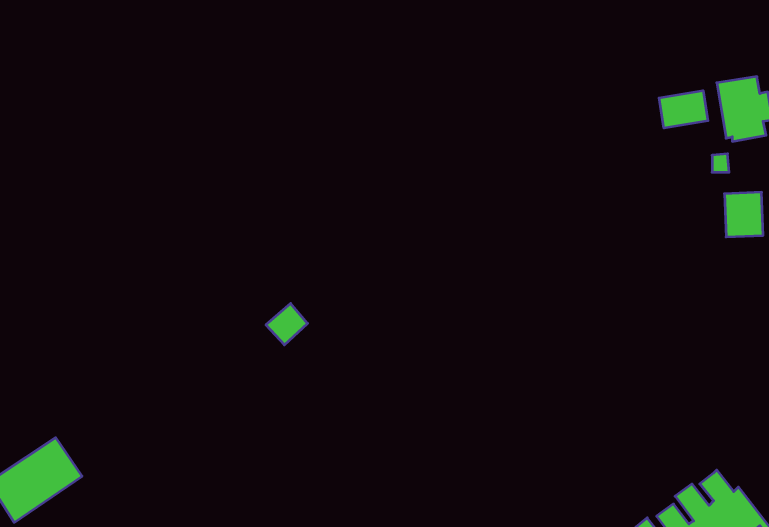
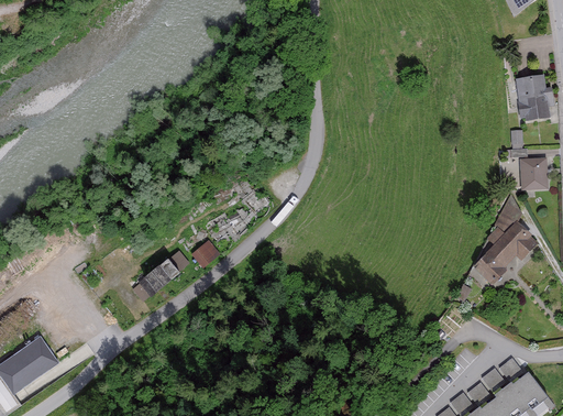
building: [659,91,708,128] -> none
building: none -> [472,195,536,286]
building: none -> [132,255,183,300]

